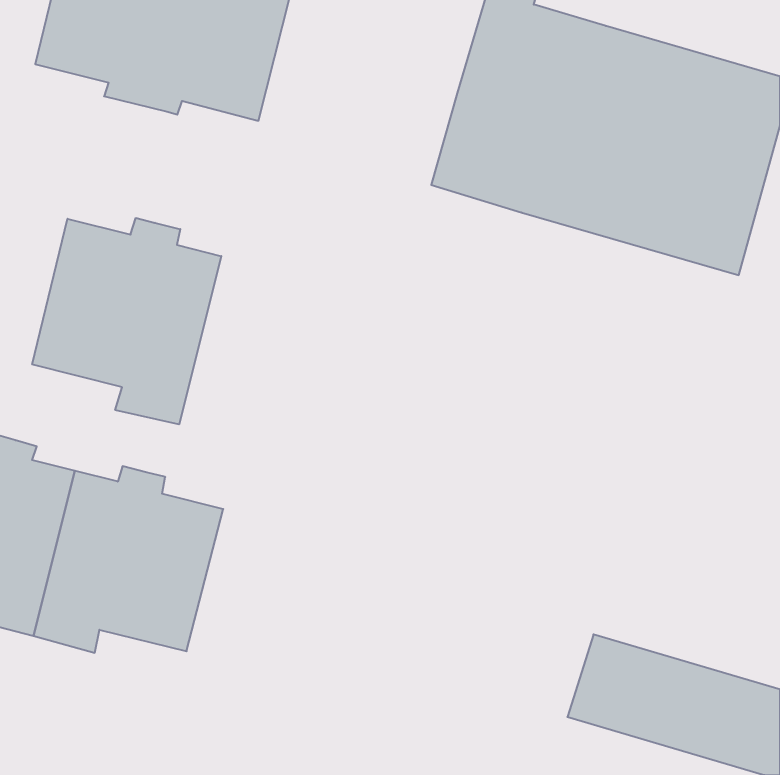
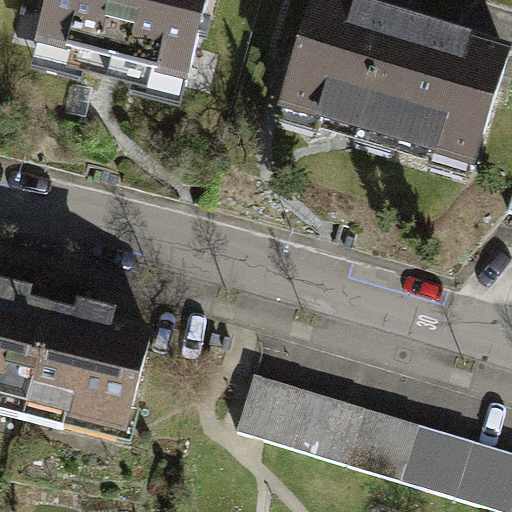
building: [32,218,221,424] -> none
building: none -> [236,374,388,469]

